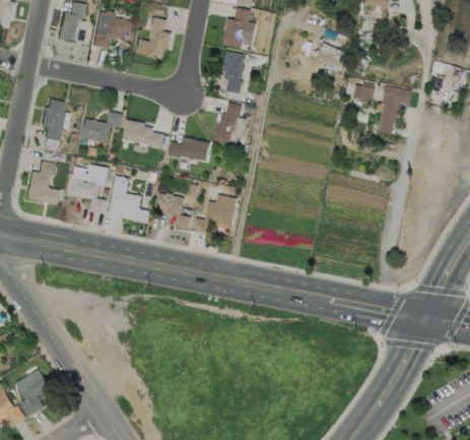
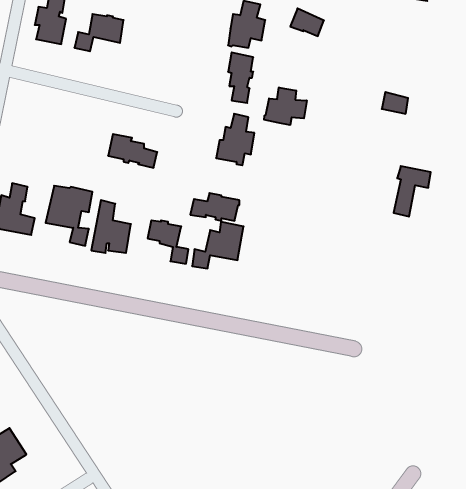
building: [136,18,172,61] -> none
building: [317,43,345,66] -> [290,8,324,36]
building: none -> [264,87,307,125]
building: [380,86,411,129] -> [394,166,431,217]
building: [41,100,65,141] -> none
building: [80,112,122,142] -> none
building: [167,137,209,161] -> [190,193,239,221]

